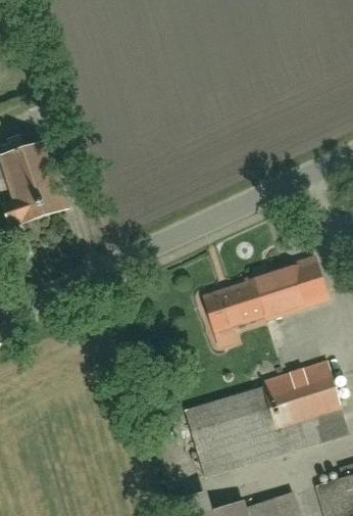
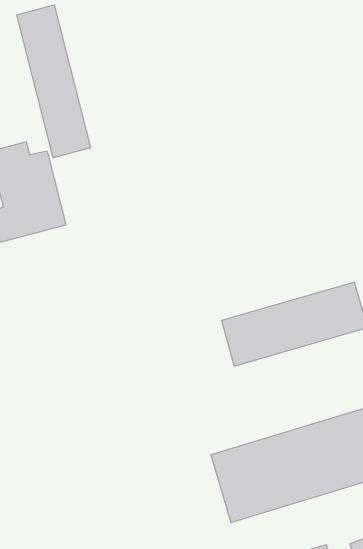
building: none -> [17,5,90,158]

